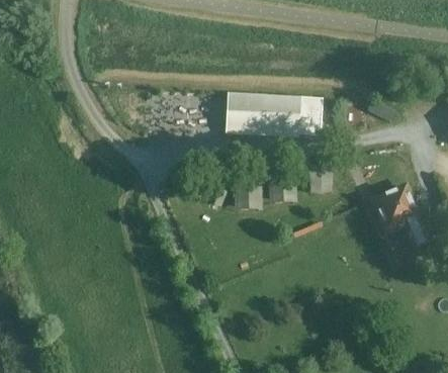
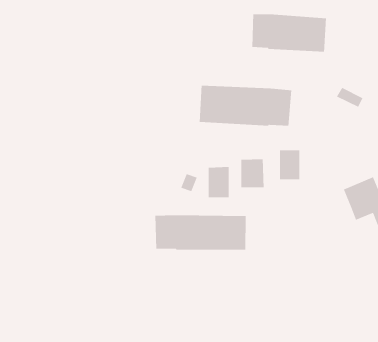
building: none -> [251,13,327,53]
building: none -> [155,214,246,250]

